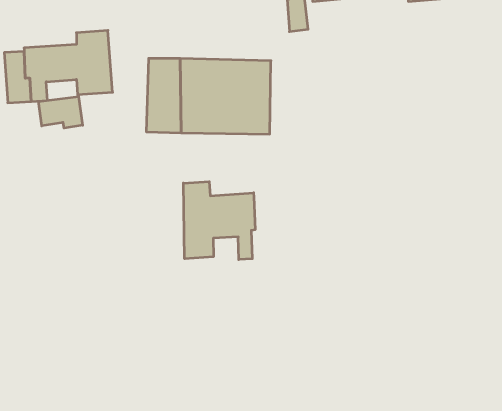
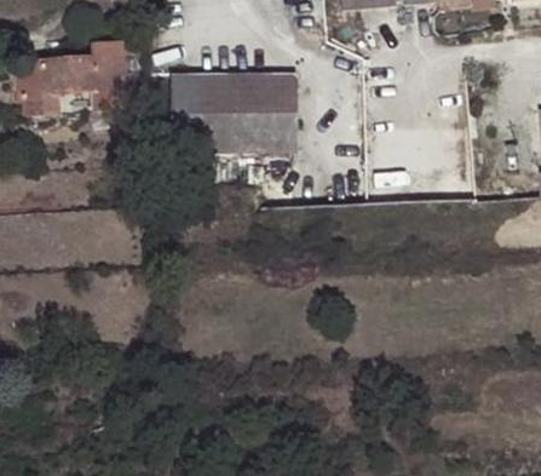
building: [39,96,83,128] -> none
building: [183,182,255,260] -> none

